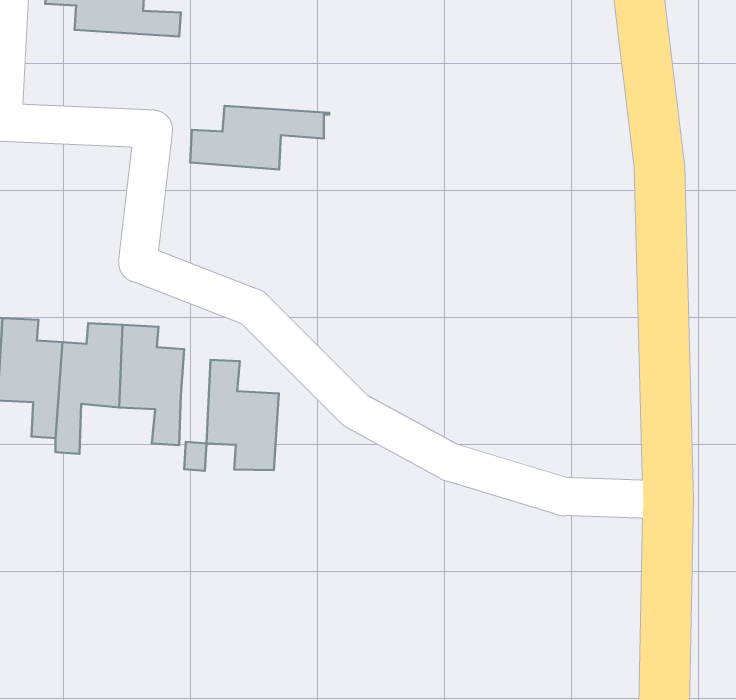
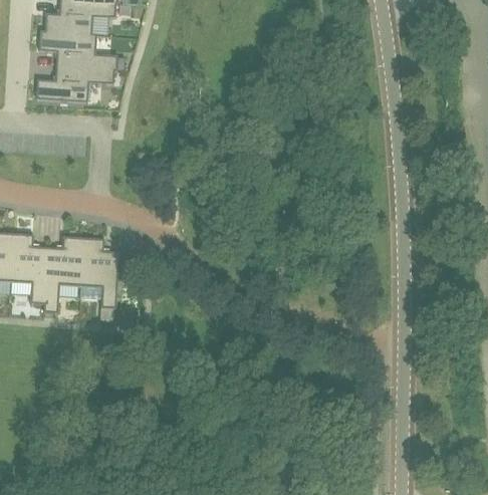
building: [190,106,329,169] -> [33,65,114,102]
building: [207,360,279,470] -> none

